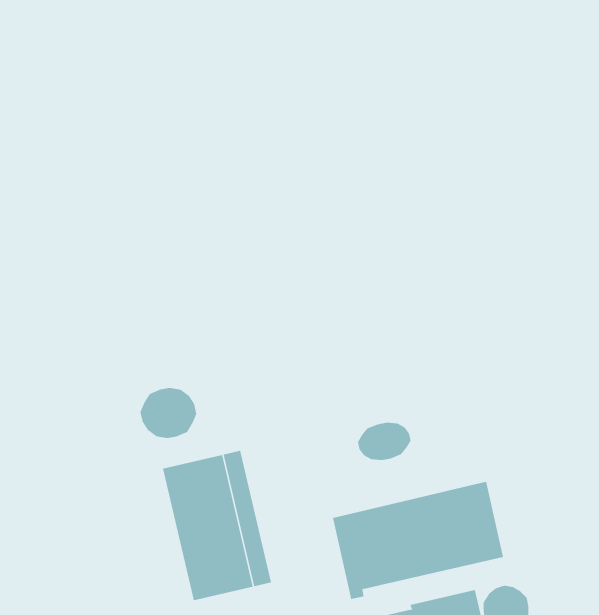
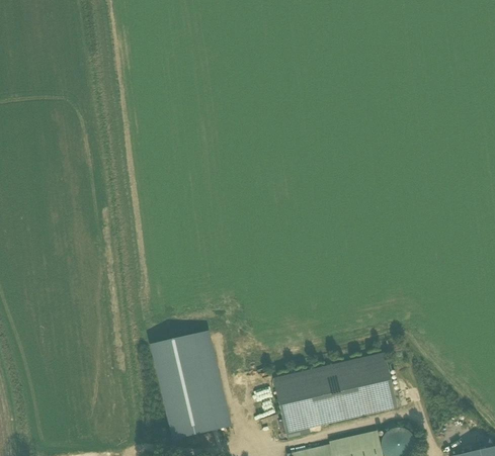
building: [140,387,197,439] -> none
building: [357,422,411,461] -> none

